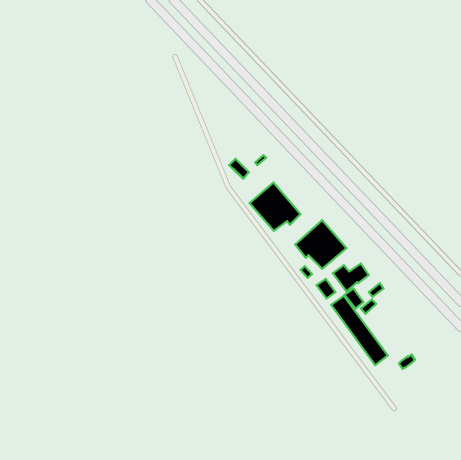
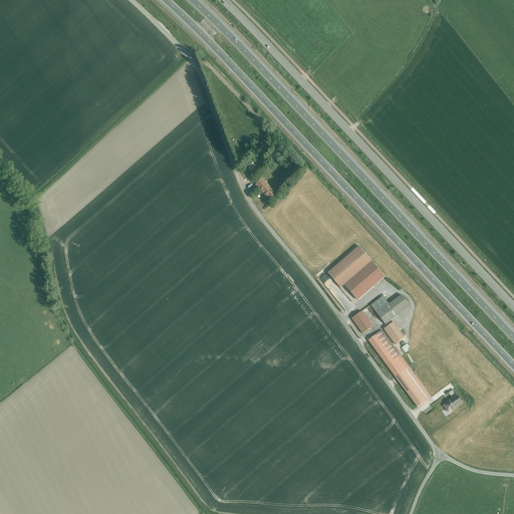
building: [249,182,301,231] -> none

